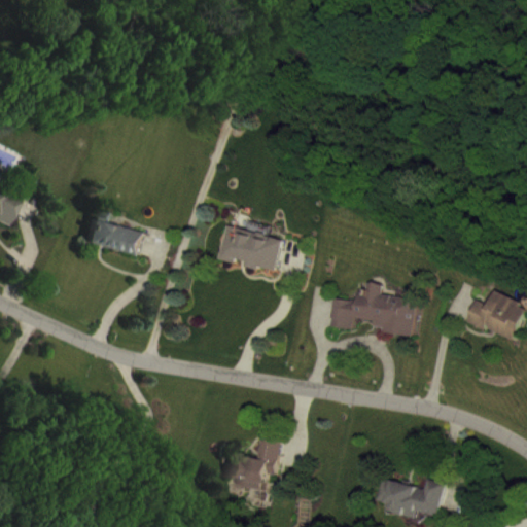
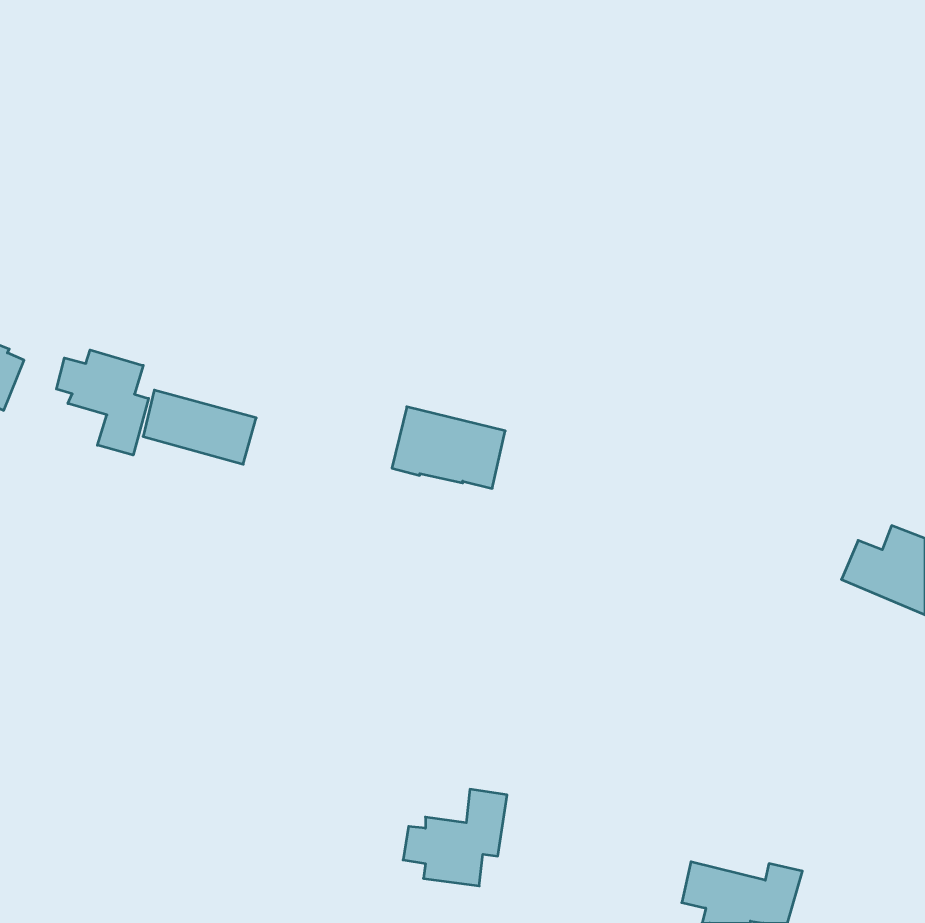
building: none -> [56,350,149,455]
building: [326,282,415,335] -> none

